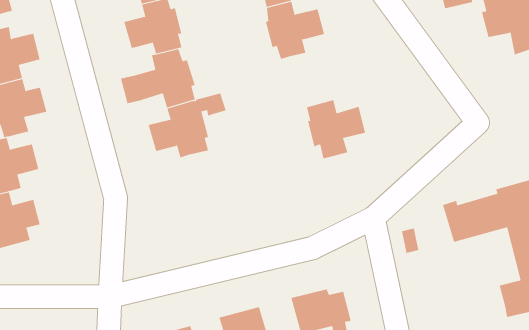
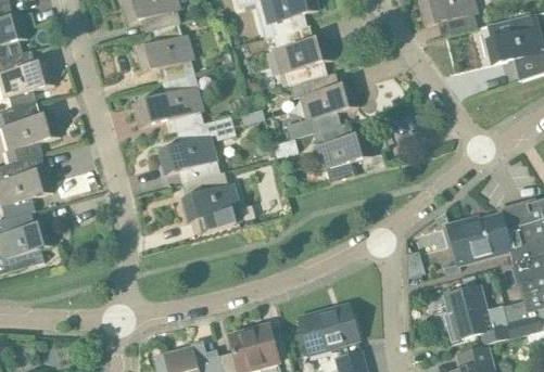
building: none -> [287,74,358,137]
building: none -> [182,170,255,233]
building: none -> [442,285,510,343]

